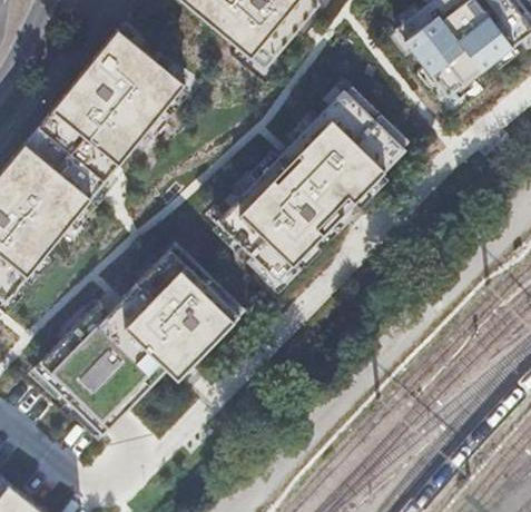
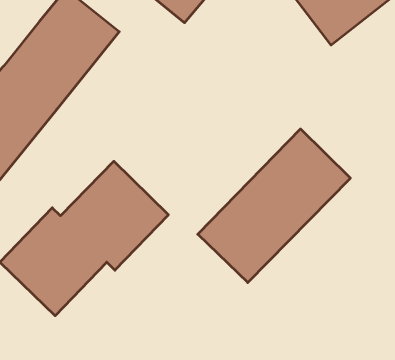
building: [217,88,407,279] -> [198,129,350,283]

